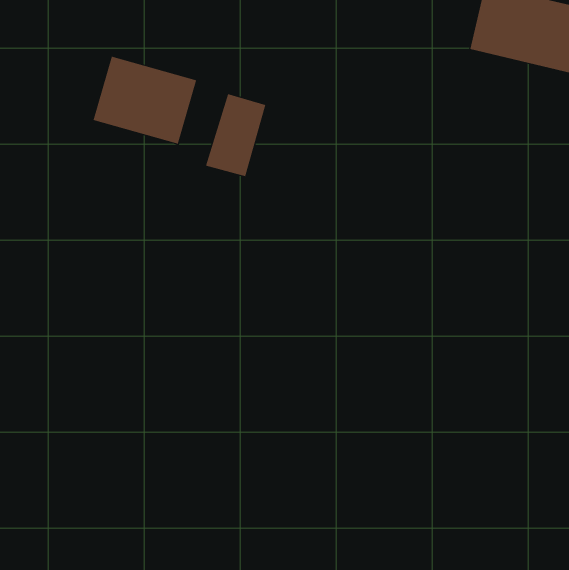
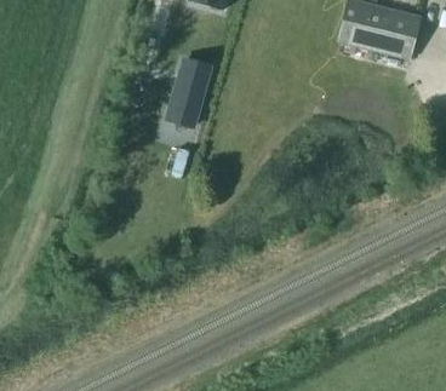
building: [93,56,197,144] -> none

